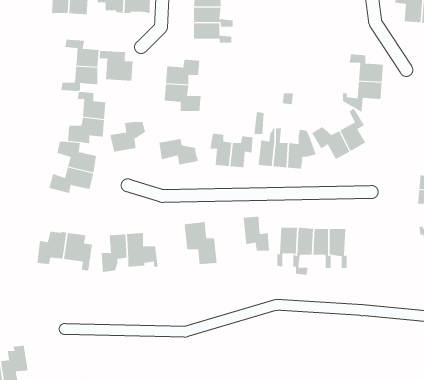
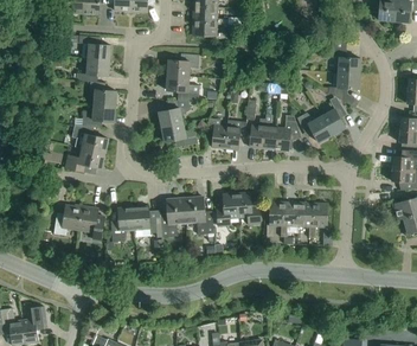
building: [99,50,133,81] -> none
building: [110,121,146,152] -> [159,100,191,127]
building: none -> [217,193,239,225]
building: none -> [160,199,187,237]

